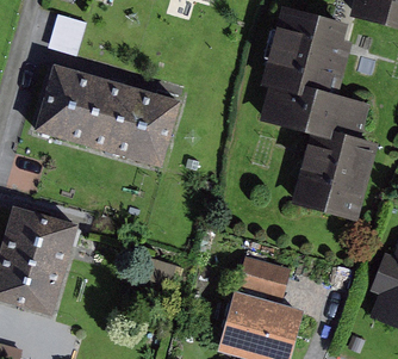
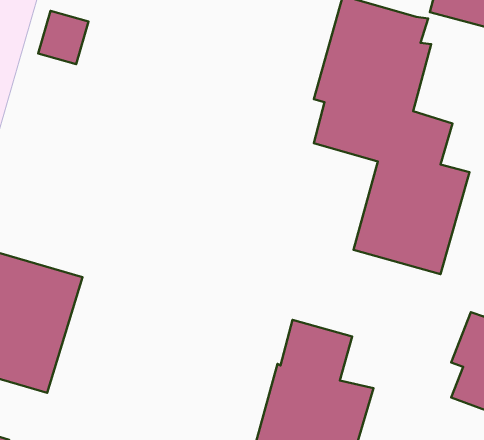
building: [35,63,184,166] -> none

